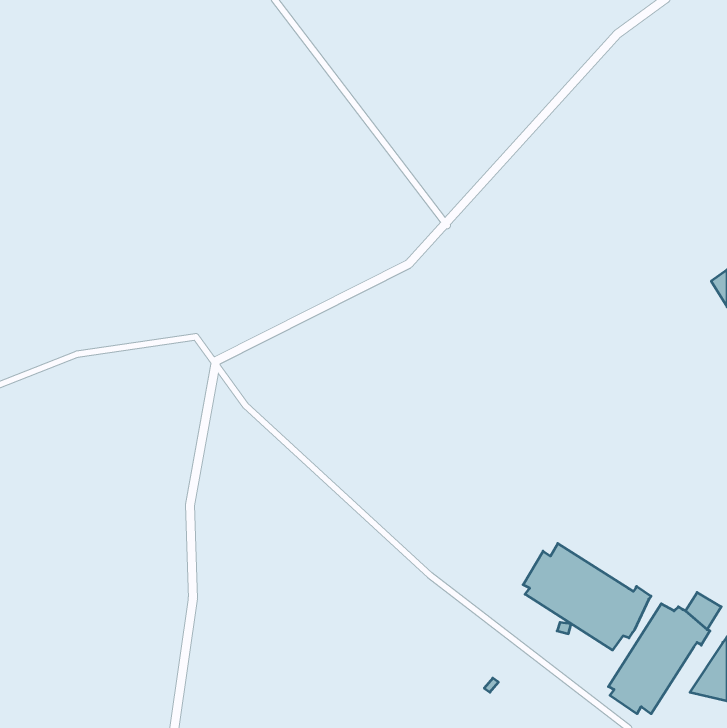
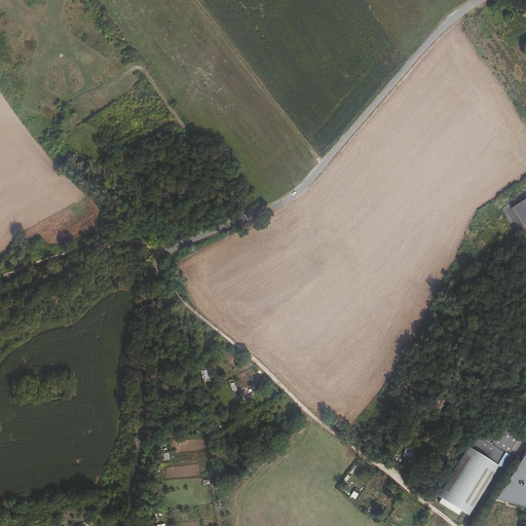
building: [523,543,651,650] -> none

